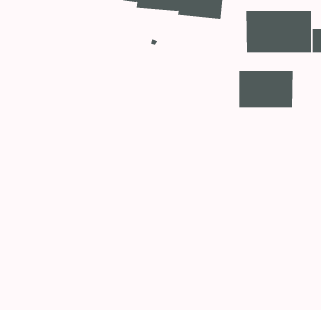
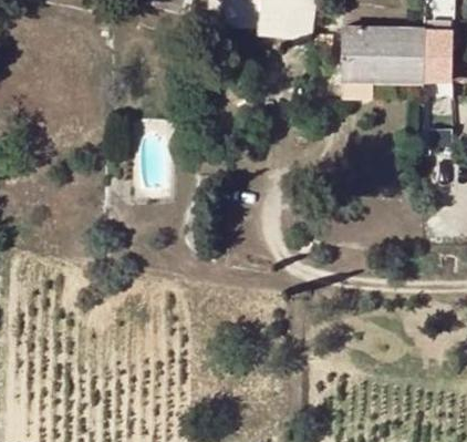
building: [239,70,293,108] -> none

